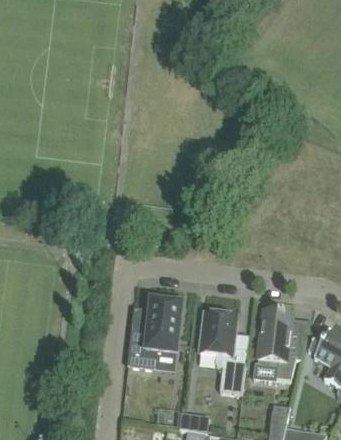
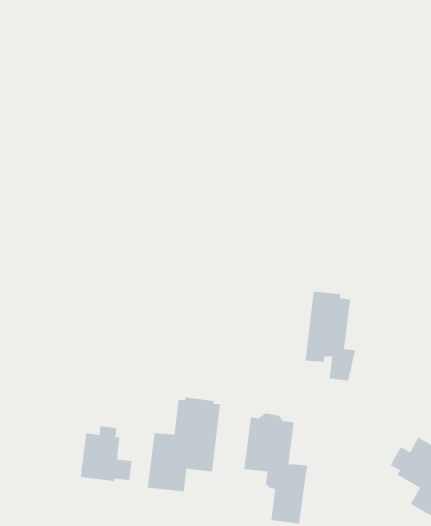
building: [258,312,296,379] -> [305,291,356,381]
building: none -> [80,426,132,482]

